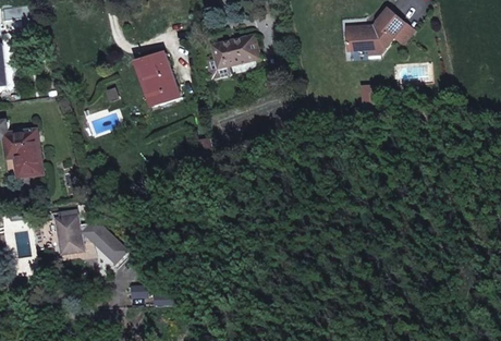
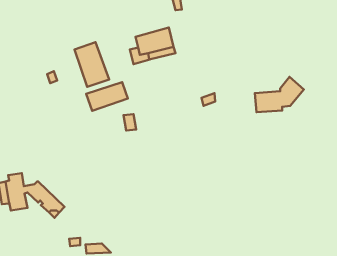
building: [345,9,404,51] -> [255,77,304,112]
building: none -> [86,82,128,111]

